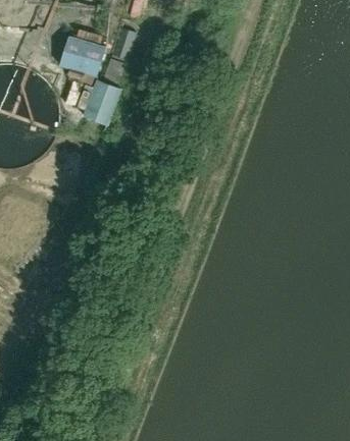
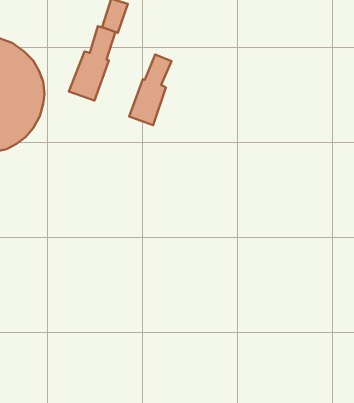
building: [58,39,104,78] -> none
building: none -> [129,55,171,125]

